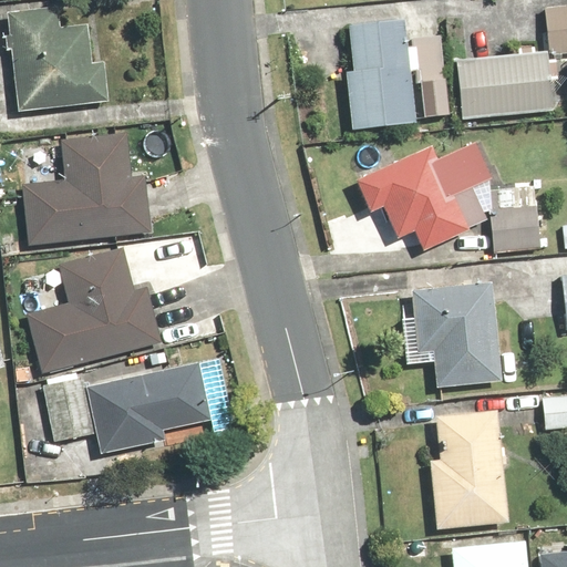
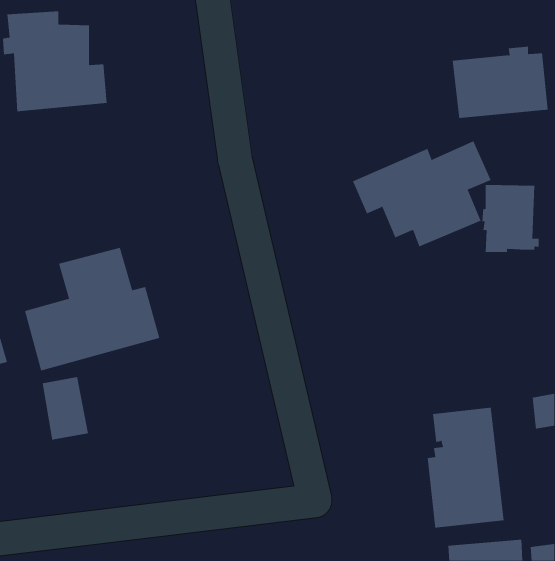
building: [347,19,413,126] -> none
building: [21,134,151,247] -> none
building: [405,278,491,377] -> none
building: [85,361,212,454] -> none

